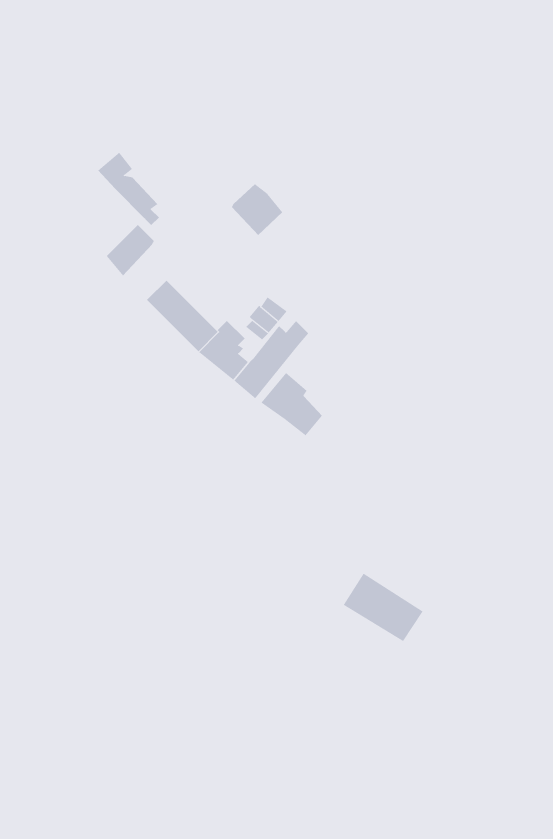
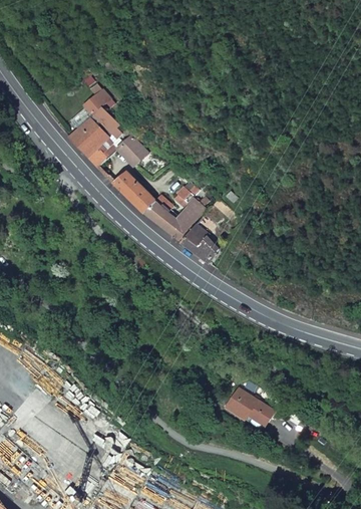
building: [231,184,283,236] -> [116,135,147,166]
building: none -> [69,115,111,156]
building: [343,573,424,642] -> [227,389,275,430]

